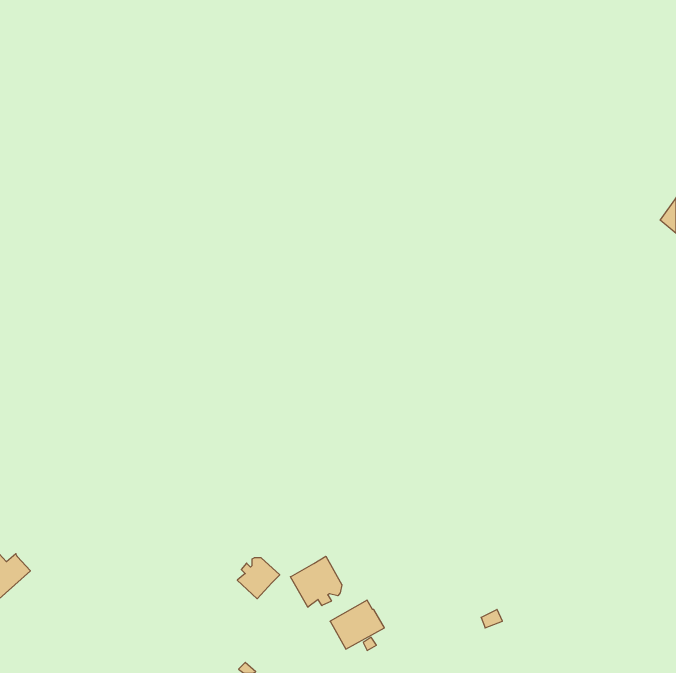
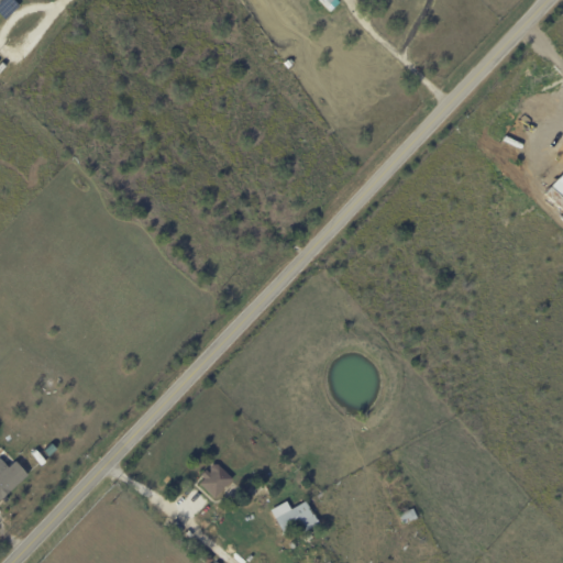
building: [290,556,342,607] -> none

